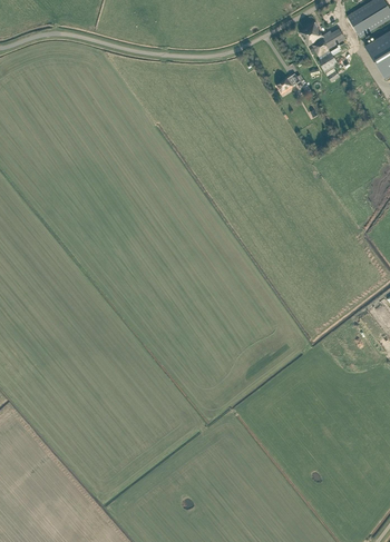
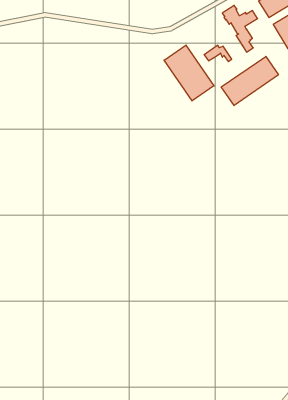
building: none -> [164,45,214,101]
building: none -> [221,56,278,106]

